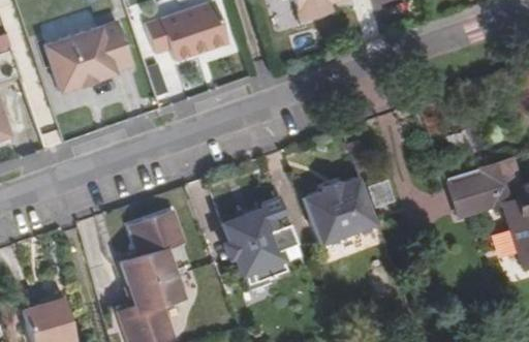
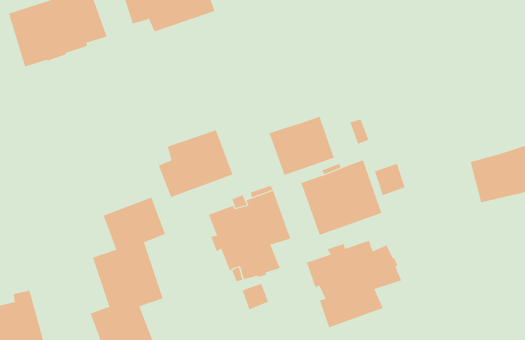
building: none -> [269,116,335,176]
building: none -> [158,129,233,198]
building: none -> [306,240,402,328]

